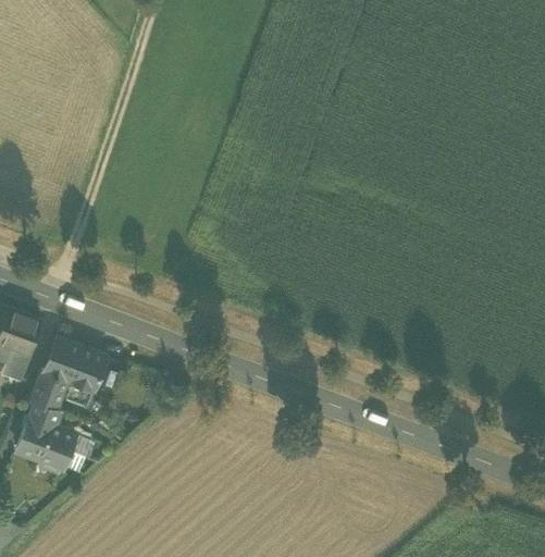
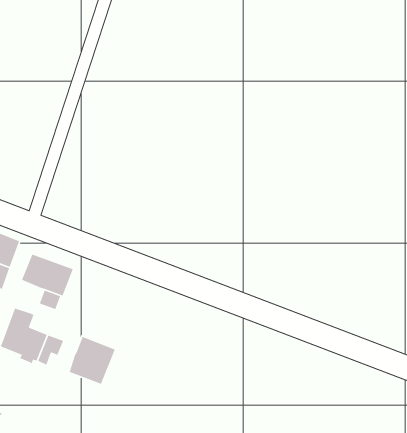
building: [30,370,66,409] -> none
building: none -> [68,336,116,385]

